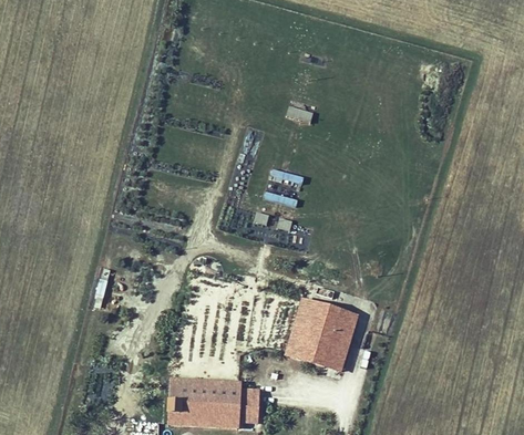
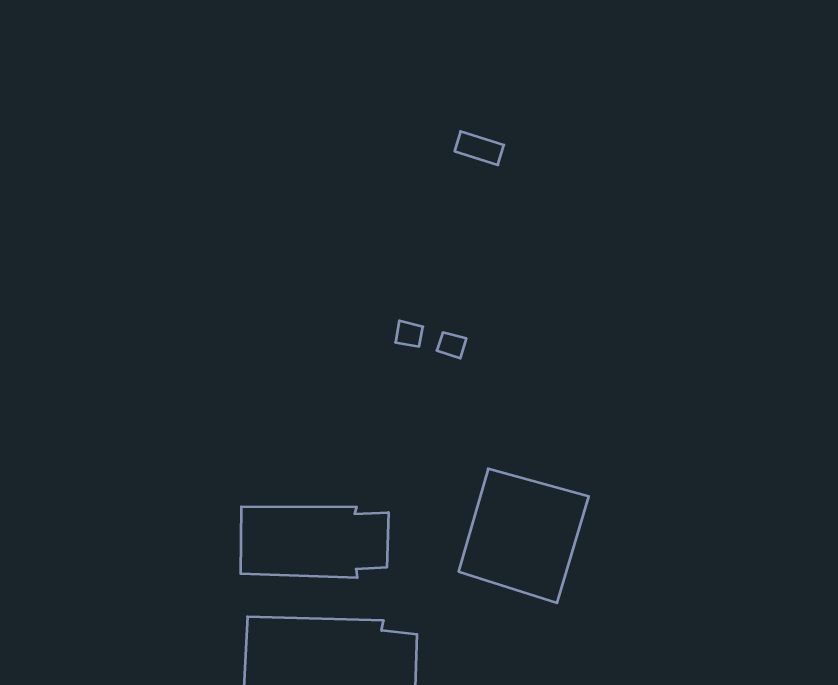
building: none -> [241,507,388,578]

